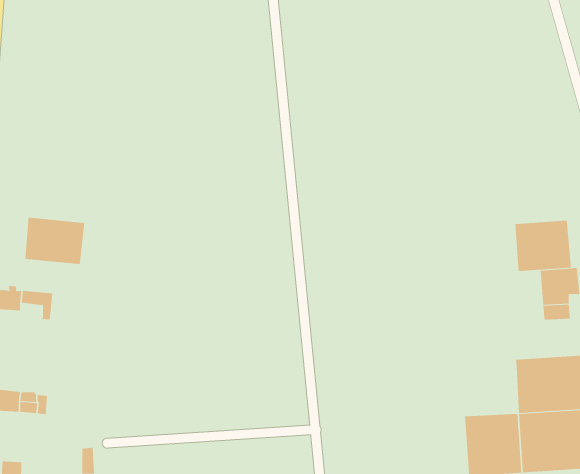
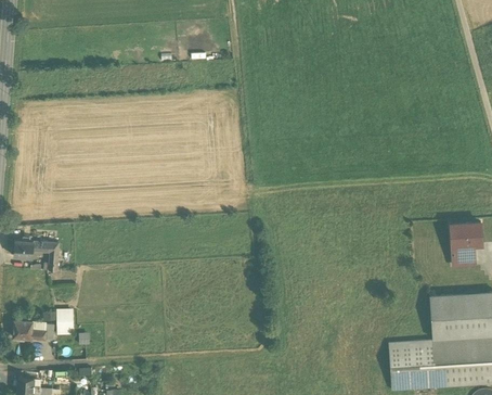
building: [25,217,85,265] -> none
building: [515,220,572,272] -> none
building: none -> [55,309,73,334]

